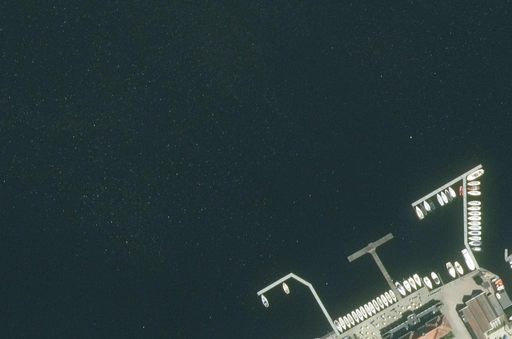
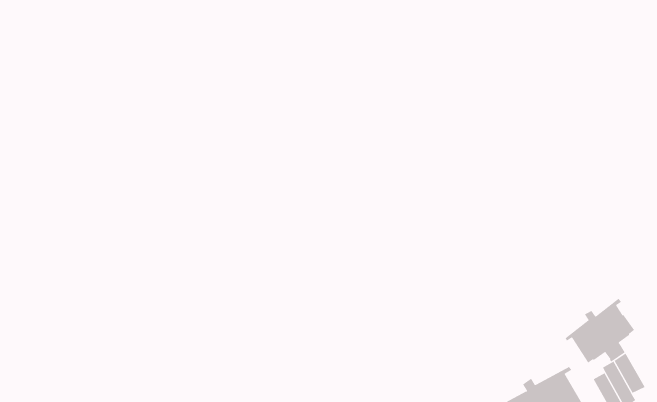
building: none -> [565,298,635,363]

